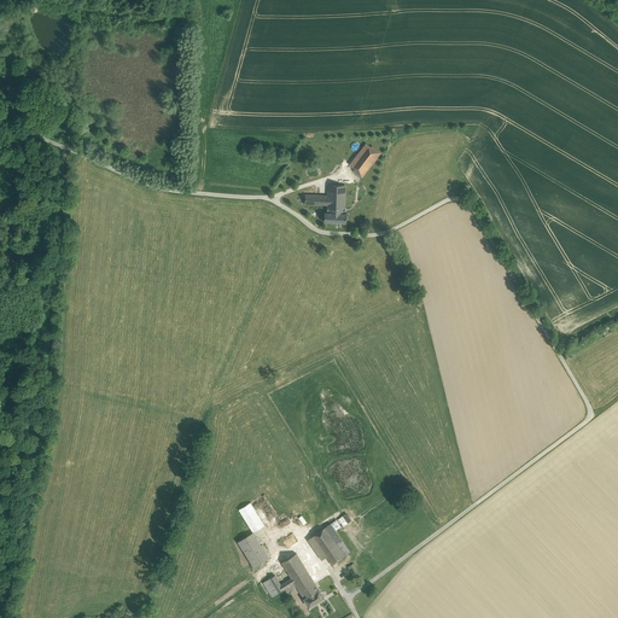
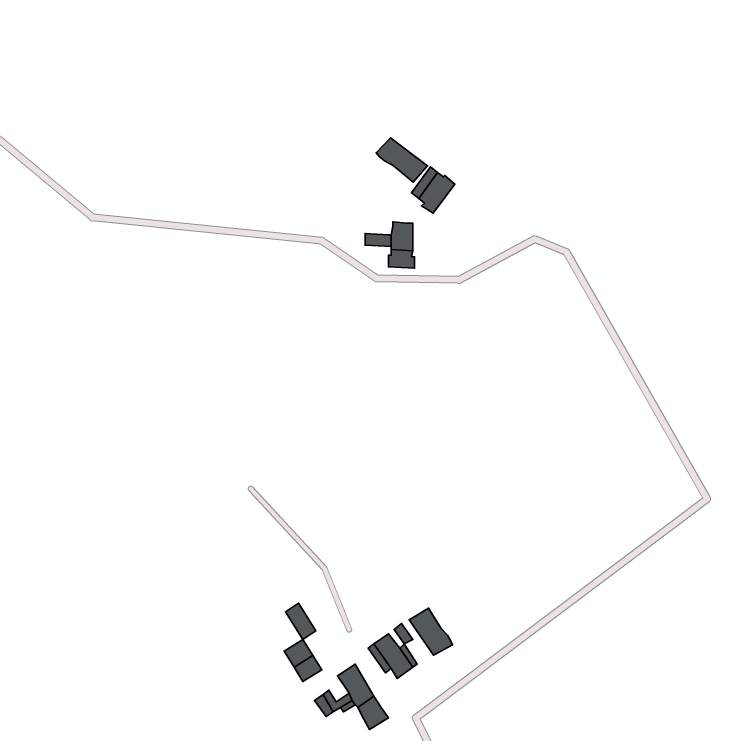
building: none -> [376,138,427,182]
building: none -> [409,608,452,655]

